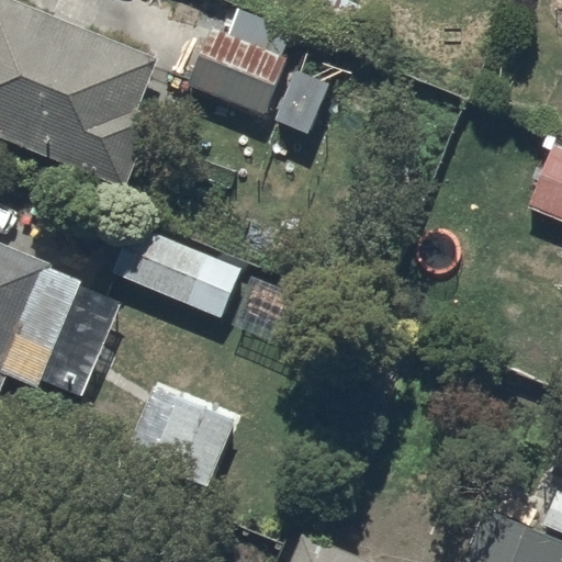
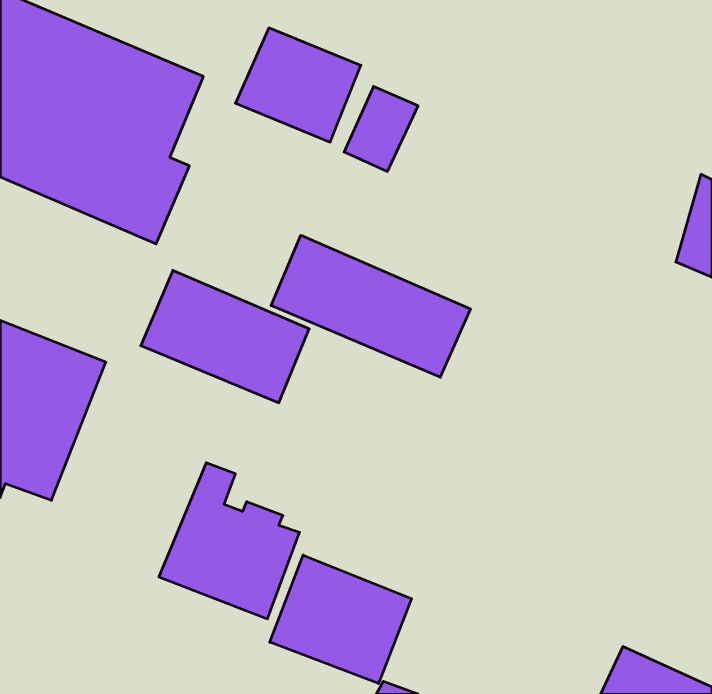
building: none -> [271,235,470,377]
building: none -> [270,555,412,684]

